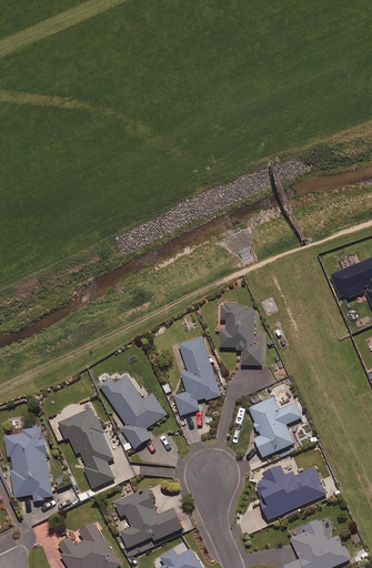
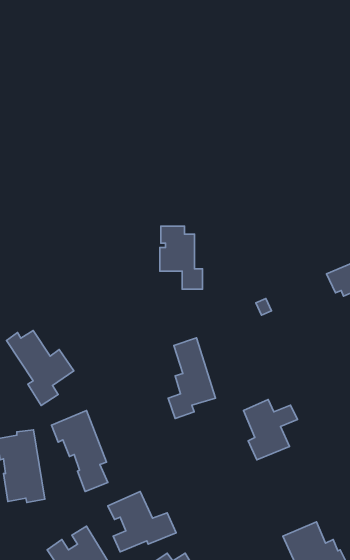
building: [220,303,262,365] -> [160,226,202,289]
building: [100,375,167,449] -> [6,330,74,406]
building: [253,466,326,519] -> none

